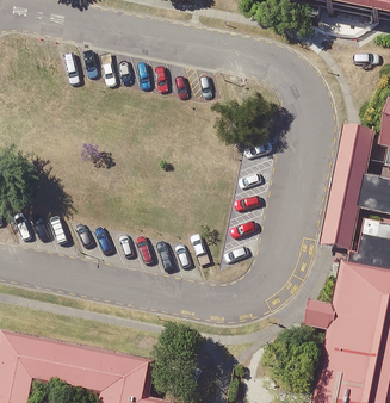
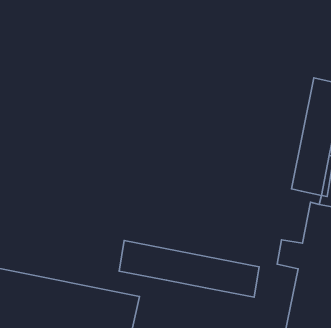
building: none -> [119,241,259,297]

